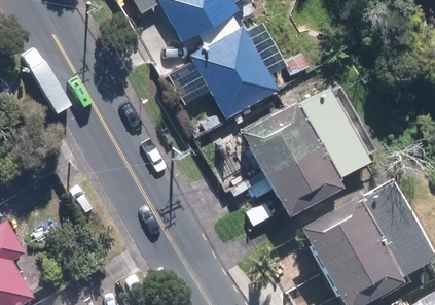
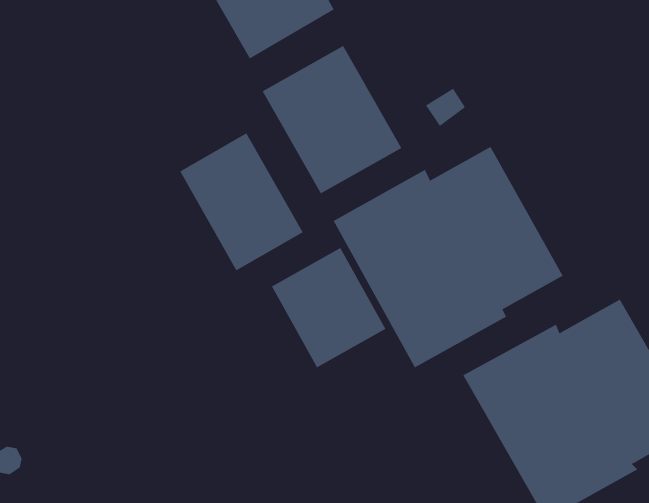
building: none -> [179,133,303,271]
building: none -> [271,247,386,368]

